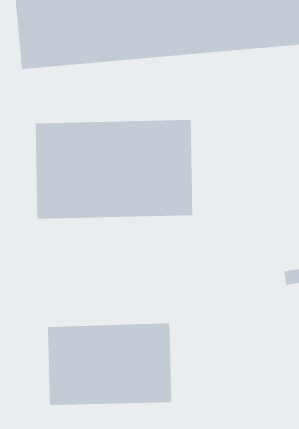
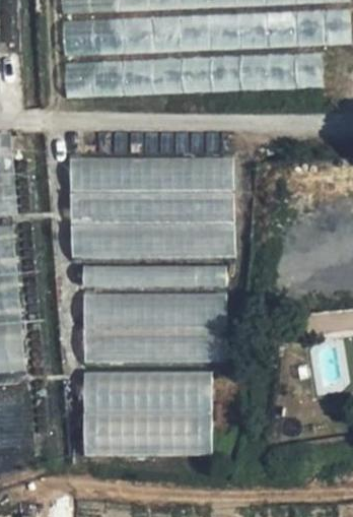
building: none -> [82,263,228,288]
building: none -> [83,292,227,363]

